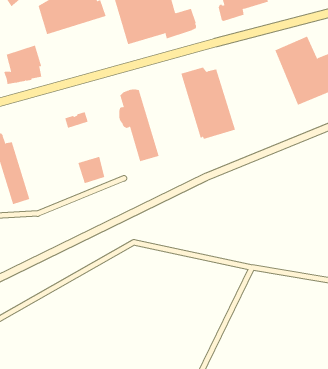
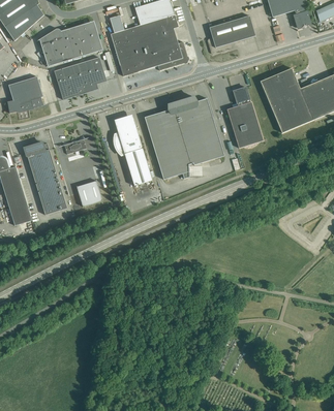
building: none -> [54,57,105,99]
building: none -> [226,87,263,148]
building: none -> [144,102,190,179]
building: none -> [23,141,66,215]

